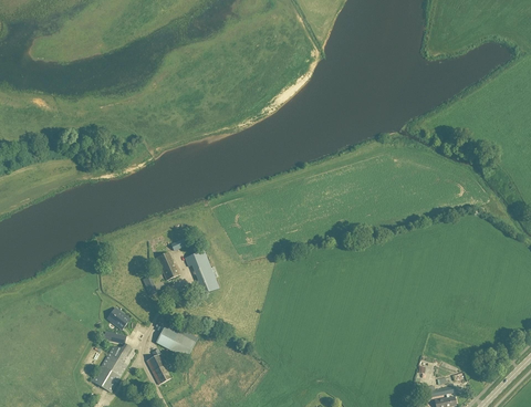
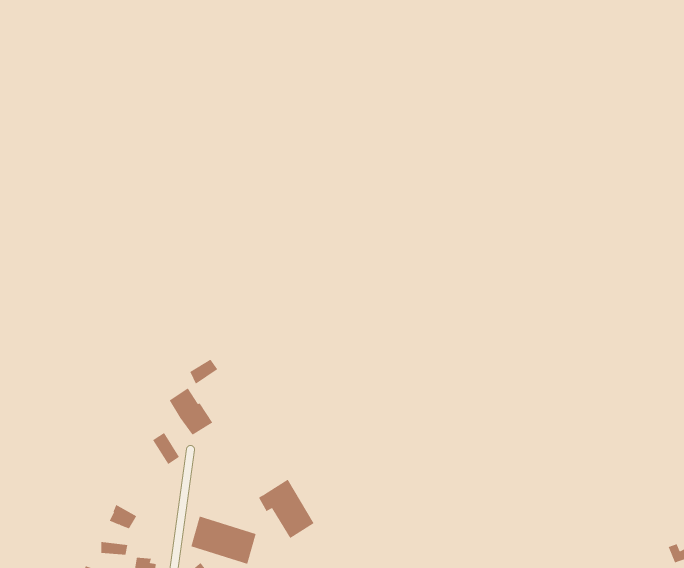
building: [184,250,214,284] -> [258,479,315,539]

